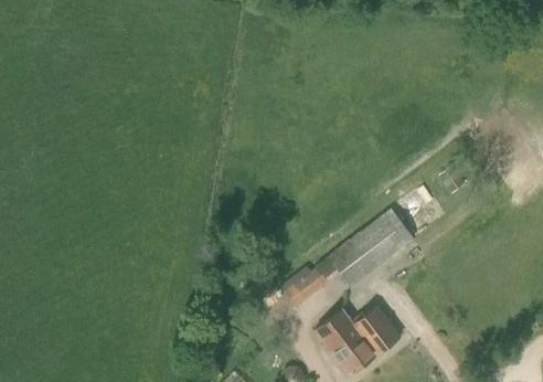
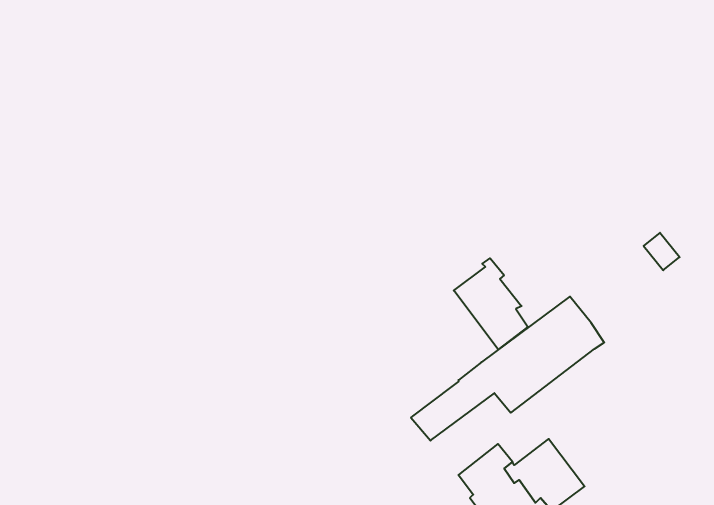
building: none -> [454,258,528,350]

